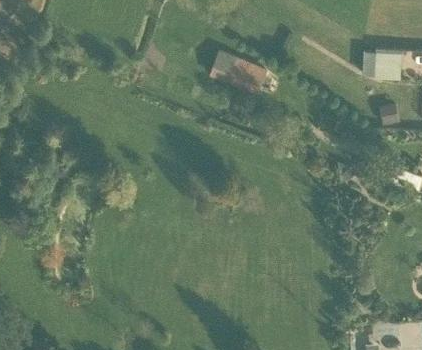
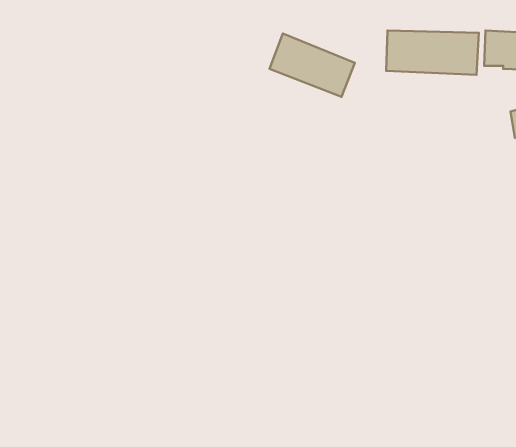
building: none -> [386,30,479,75]

